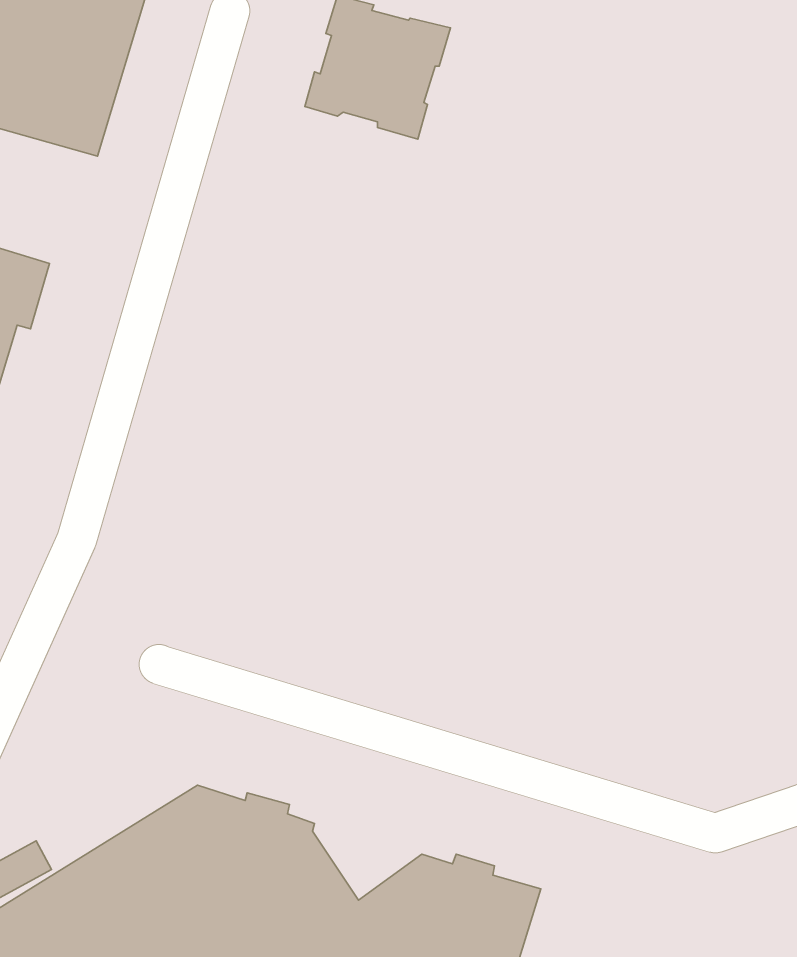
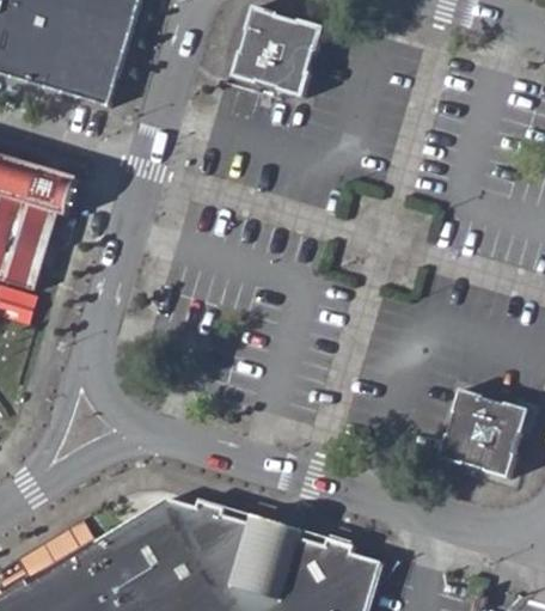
building: none -> [437,393,527,483]
building: none -> [238,525,306,573]

